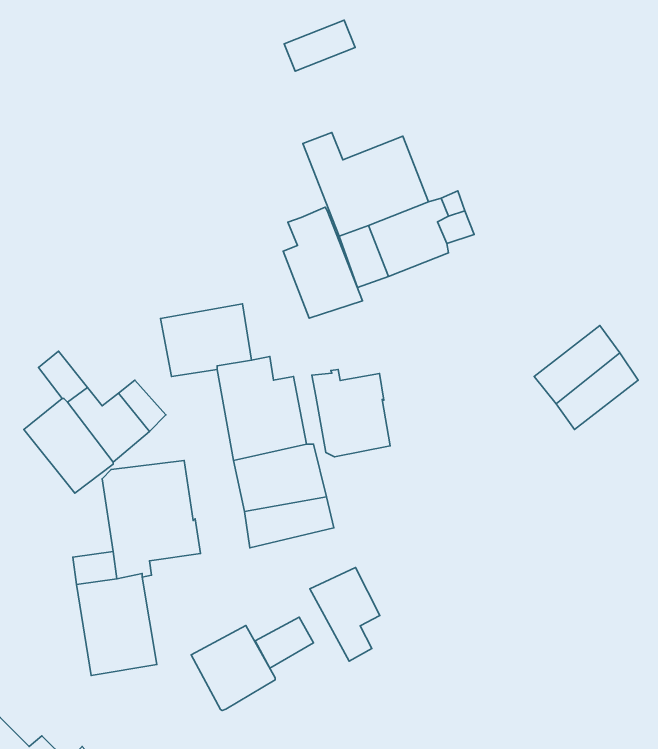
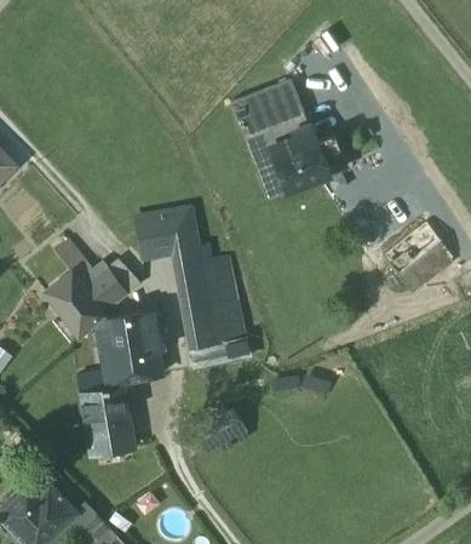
building: [284,20,355,71] -> [251,78,298,111]
building: [283,207,363,318] -> none
building: [312,369,390,457] -> none
building: [310,568,380,661] -> none
building: [191,625,275,710] -> none

